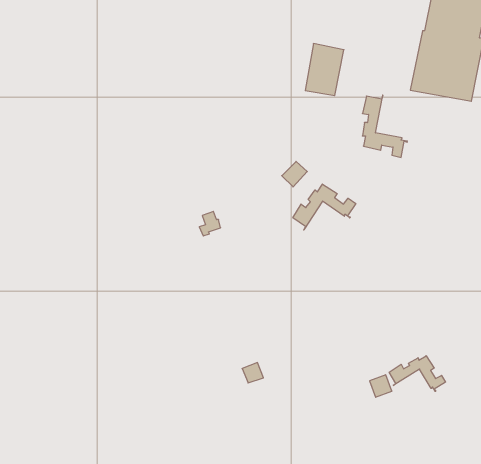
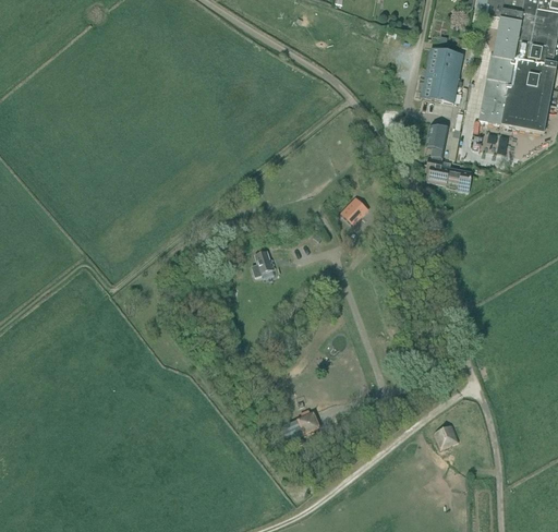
building: [305,44,344,96] -> [422,46,463,101]
building: [293,184,356,230] -> none
building: [389,356,446,391] -> none

